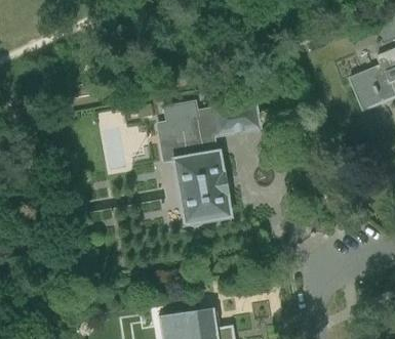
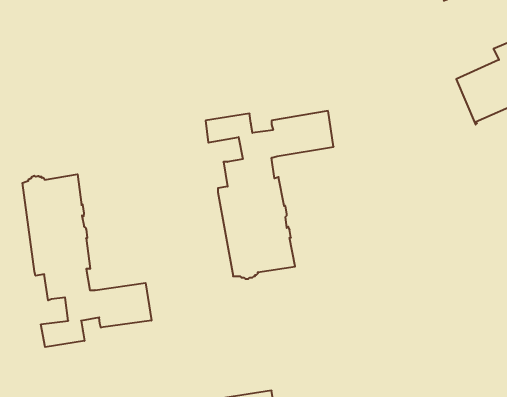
building: none -> [22,174,151,347]

